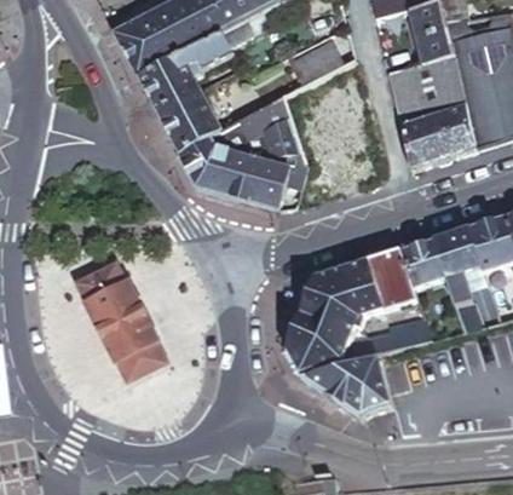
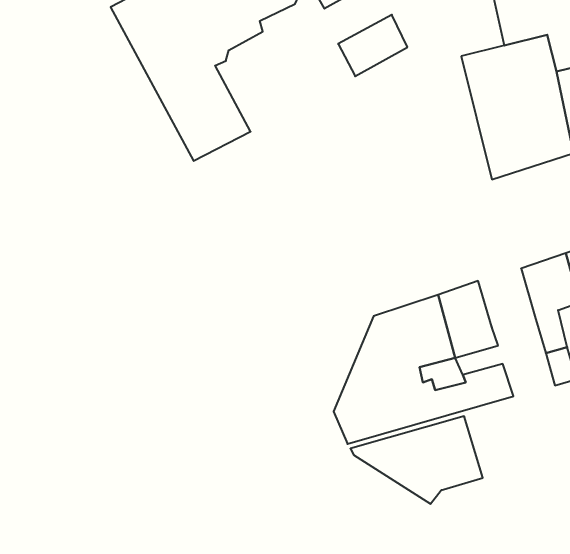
building: [177,97,300,206] -> none
building: [400,236,445,282] -> none
building: [74,259,169,382] -> none

